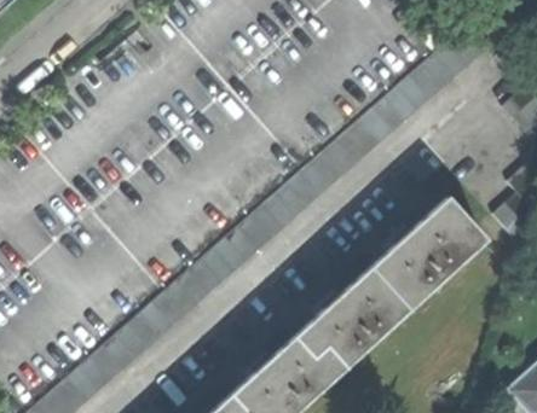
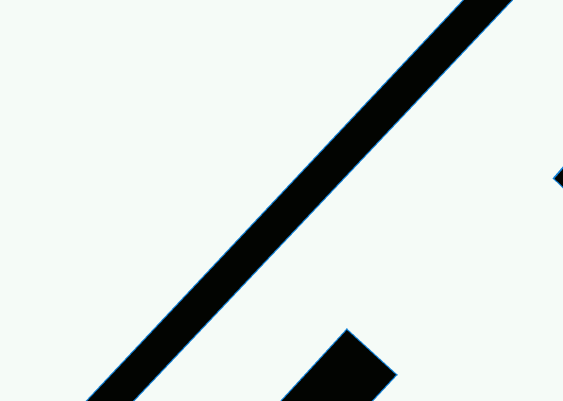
building: [310,196,487,365] -> none

